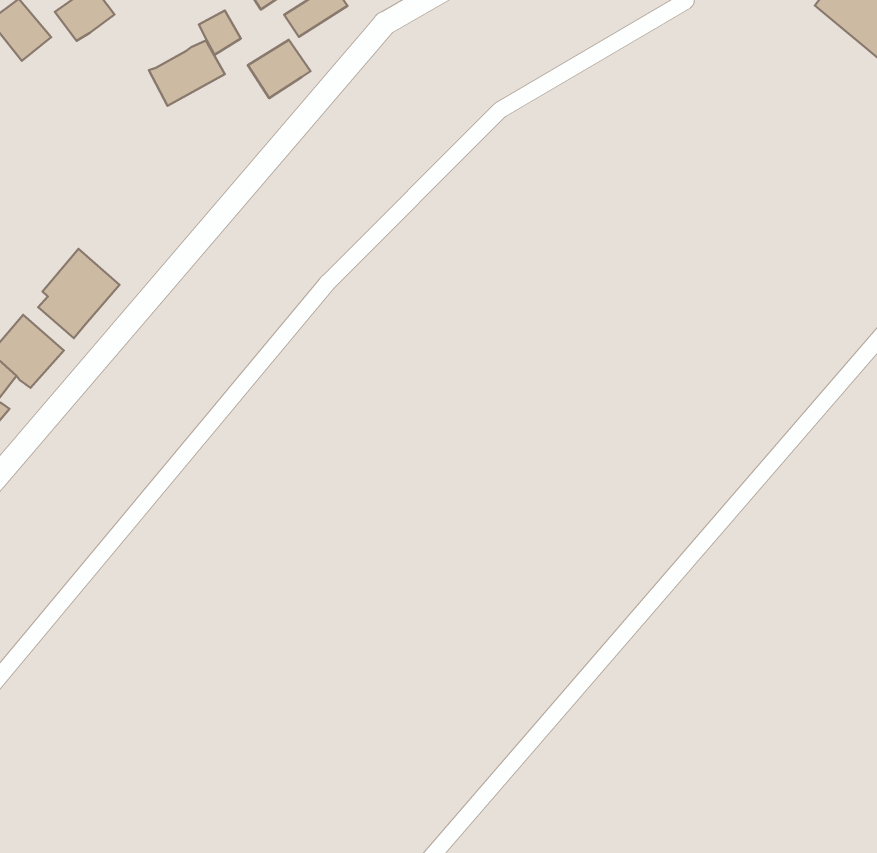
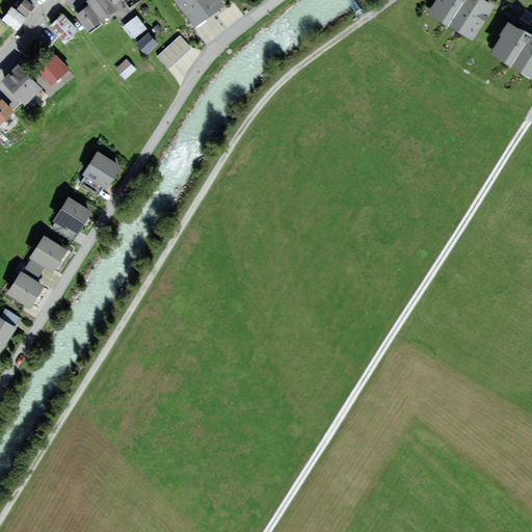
building: [248,40,310,98] -> none
building: [149,41,225,106] -> none
building: none -> [80,150,121,194]

